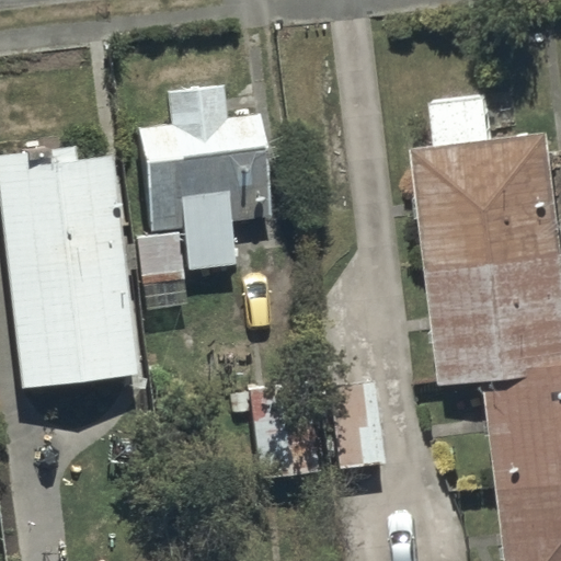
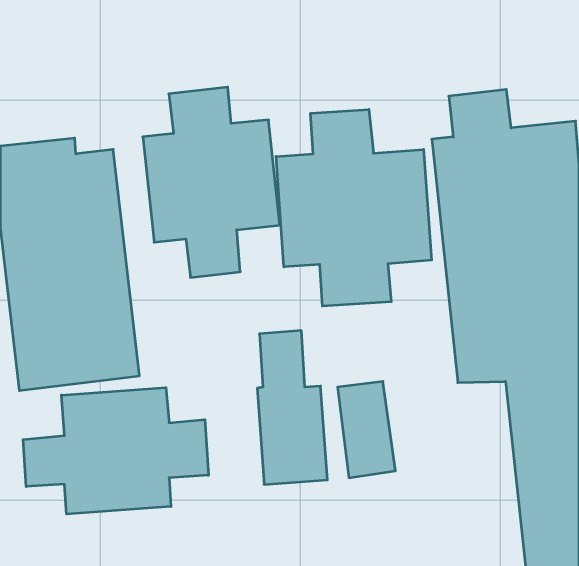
building: none -> [276,109,432,306]
building: none -> [23,388,208,514]

